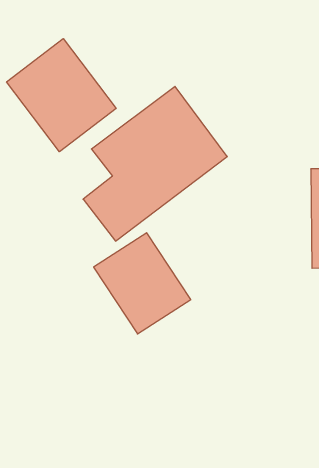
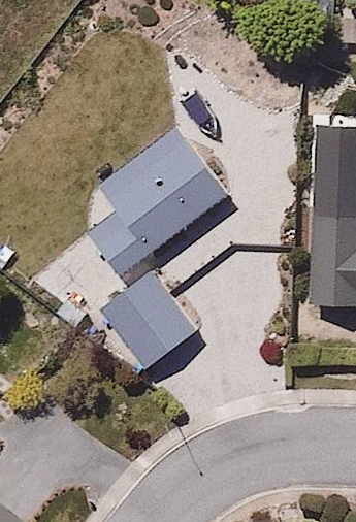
building: [7,39,116,152] -> none

